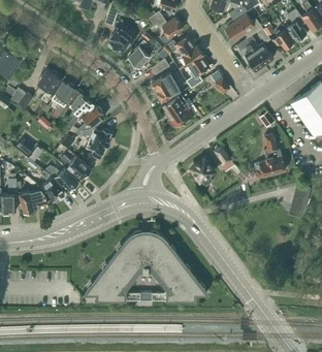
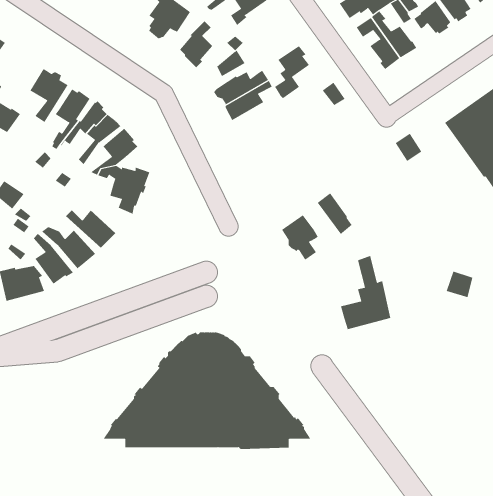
building: [166,36,202,64] -> none
building: [162,90,193,126] -> none
building: [253,132,284,178] -> [340,255,391,330]

